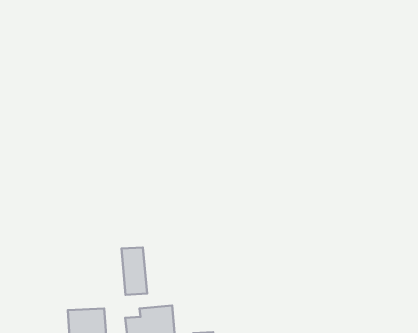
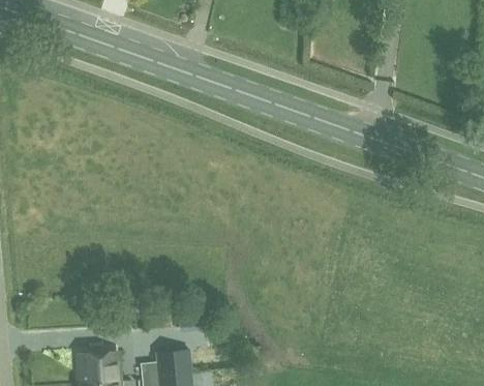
building: [121,247,147,295] -> none

